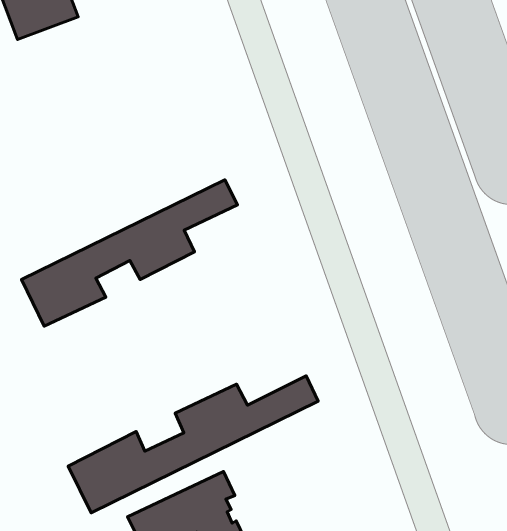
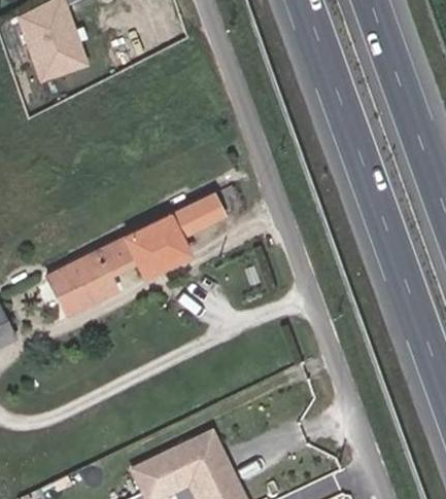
building: [68,376,318,513] -> none

